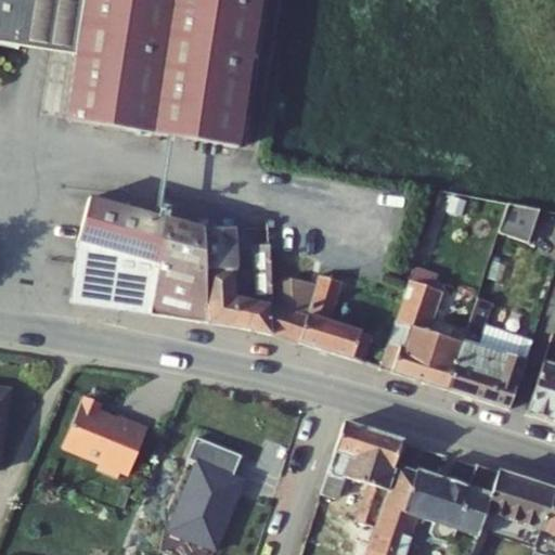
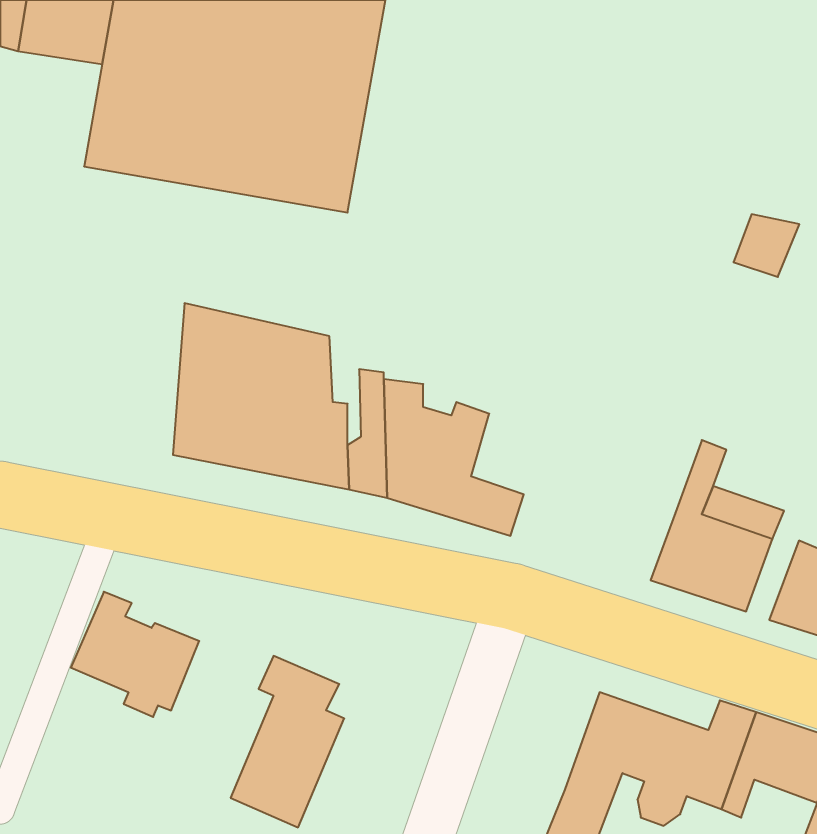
building: [69,189,138,305] -> none
building: [503,199,546,241] -> [733,214,799,277]
building: [378,276,461,387] -> none
building: [336,424,418,525] -> none

